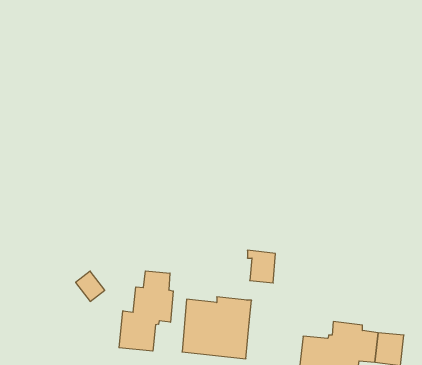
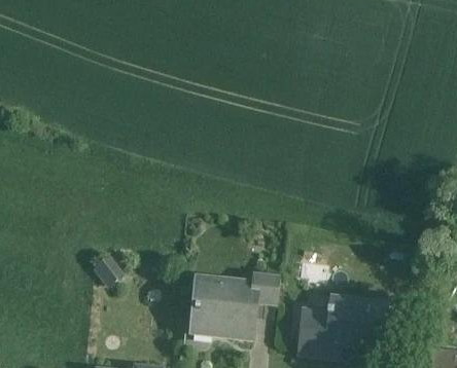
building: [247,250,275,283] -> [252,273,278,303]
building: [119,271,173,351] -> none

